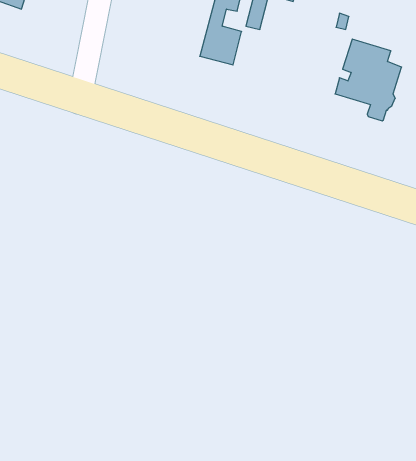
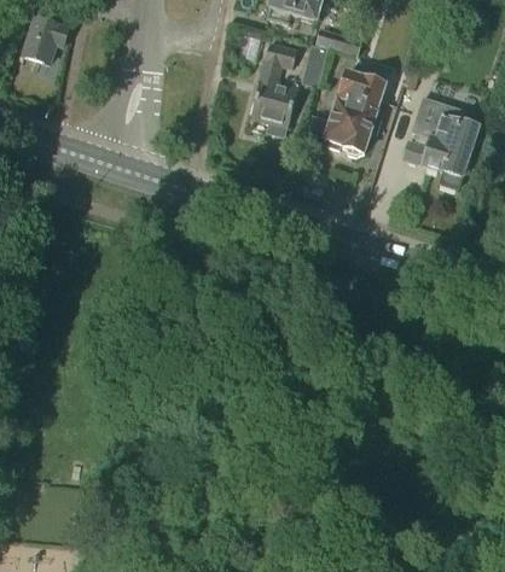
building: none -> [324,70,385,154]

